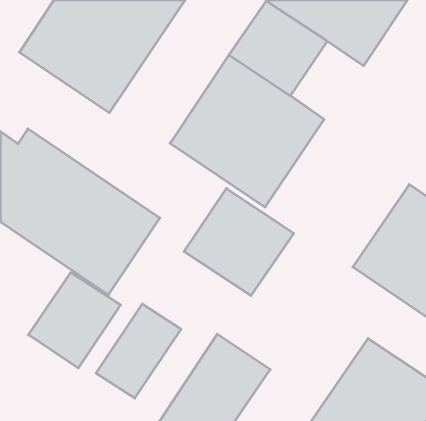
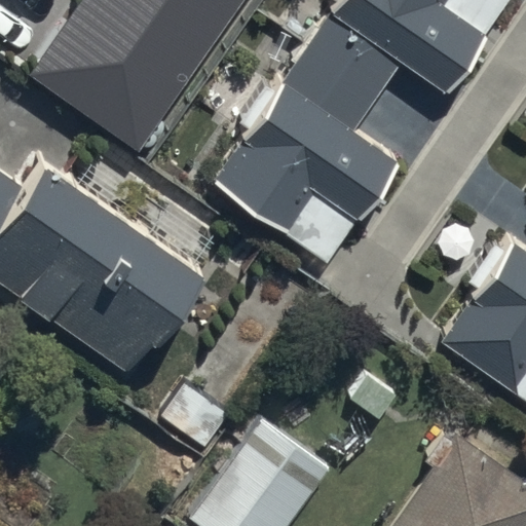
building: [184,188,294,296] -> none
building: [28,273,121,368] -> none

